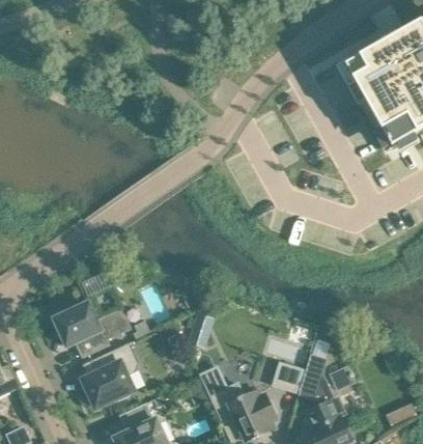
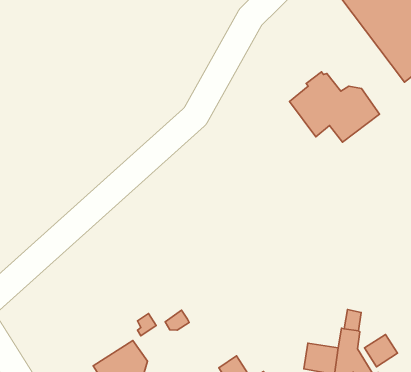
building: none -> [290,72,380,142]
building: [55,300,130,356] -> none

